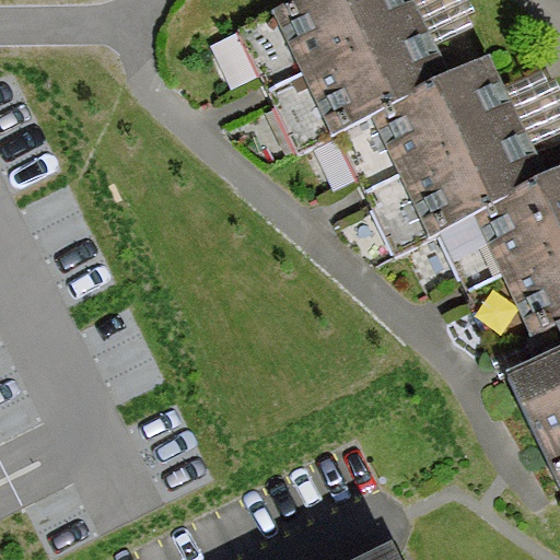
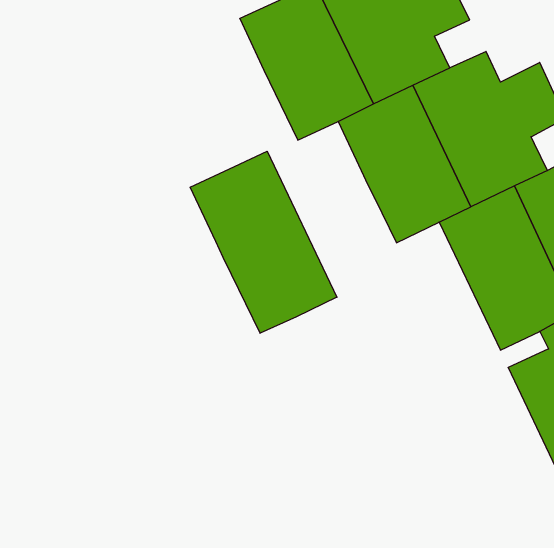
building: none -> [190,151,337,333]

